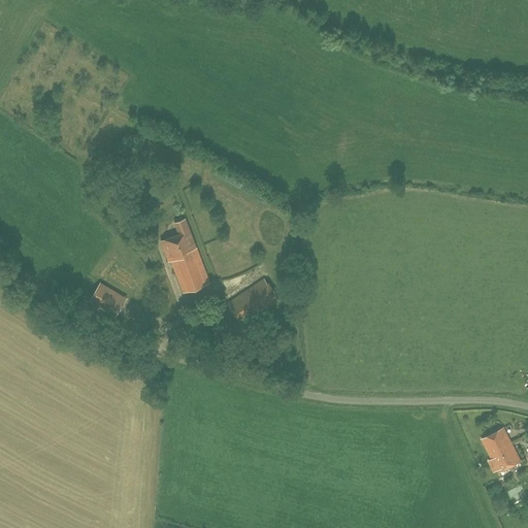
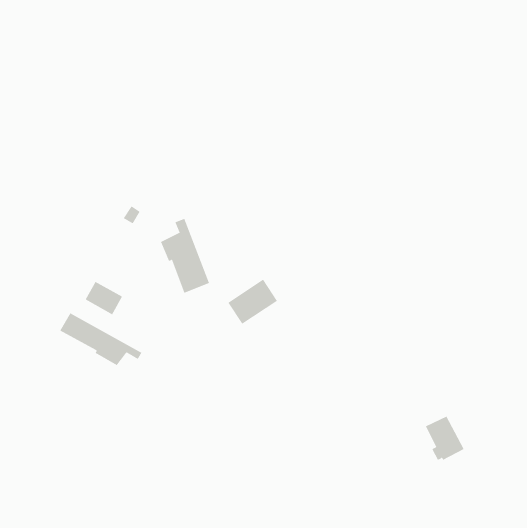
building: none -> [59,312,142,366]
building: [481,428,520,472] -> [425,416,464,460]

